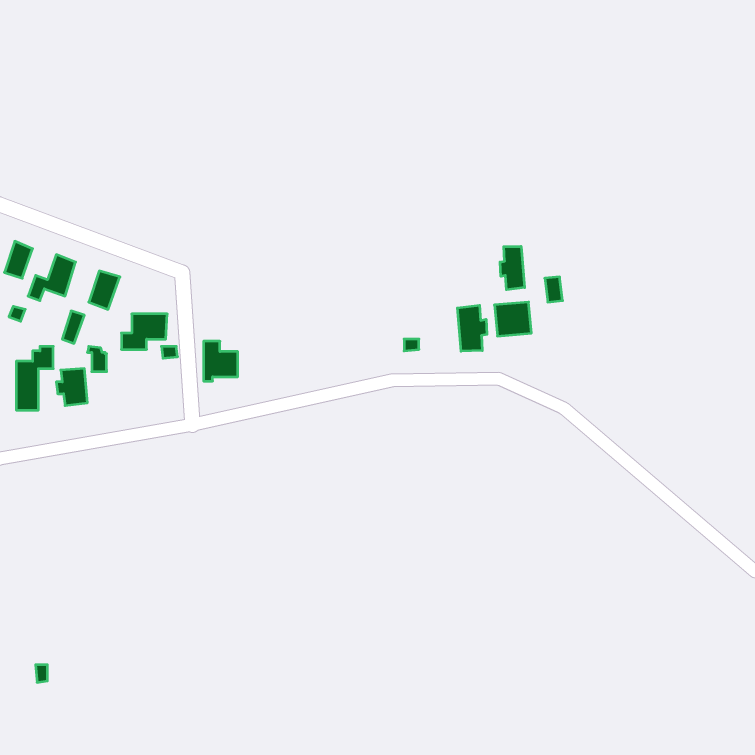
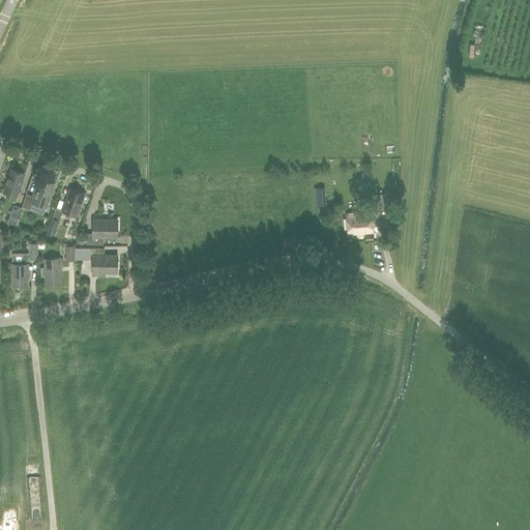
building: [500,246,525,290] -> none
building: [457,305,487,351] -> none
building: [204,341,238,381] -> [92,248,116,276]

